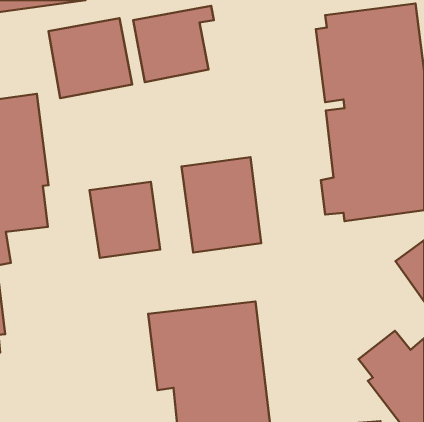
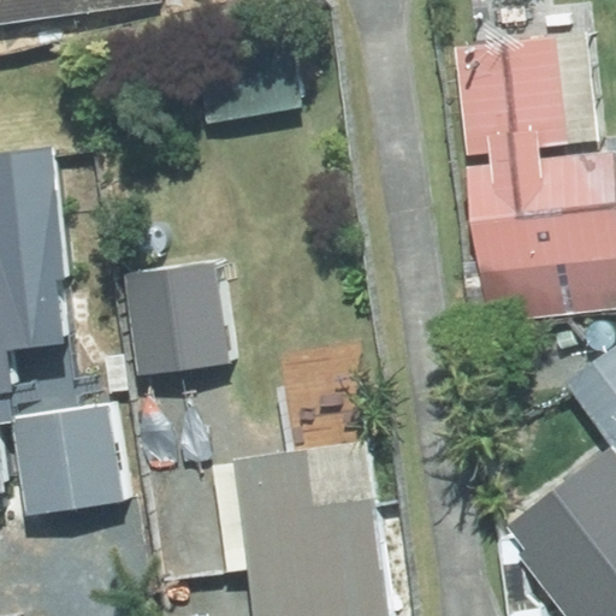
building: [49,18,132,98] -> none
building: [181,157,261,252] -> none
building: none -> [13,407,120,514]

